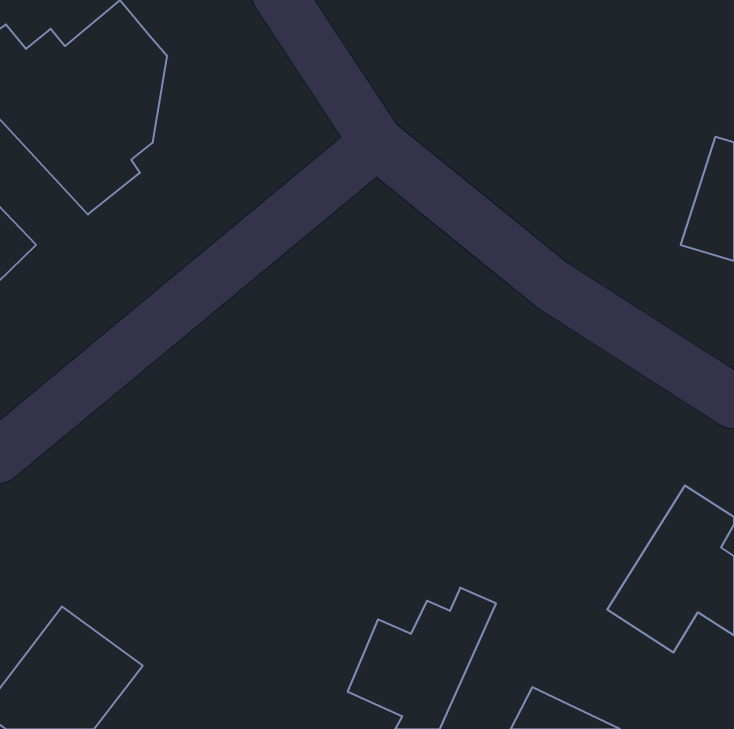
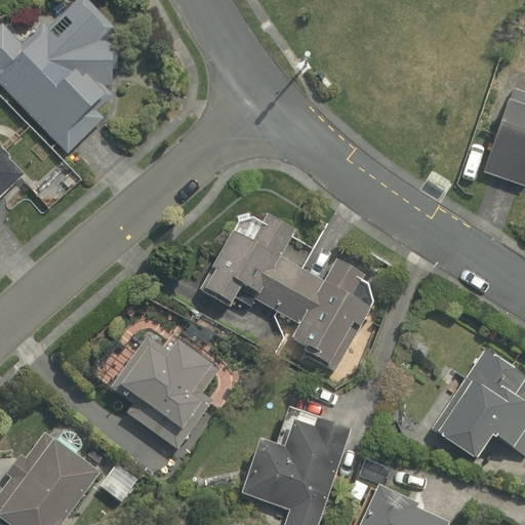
building: none -> [203,219,373,359]
building: none -> [113,334,220,449]

